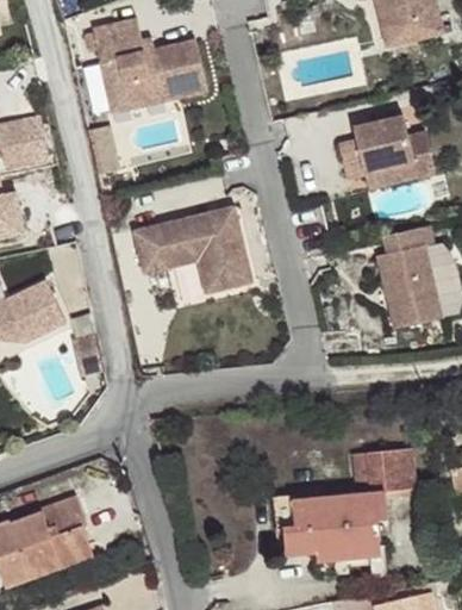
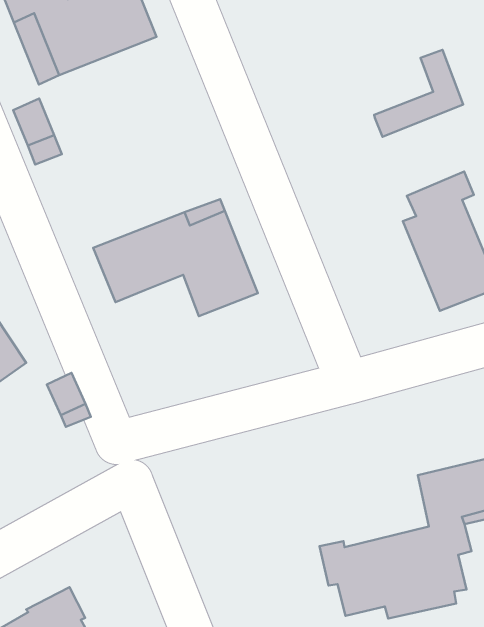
building: [337,116,412,180] -> none

